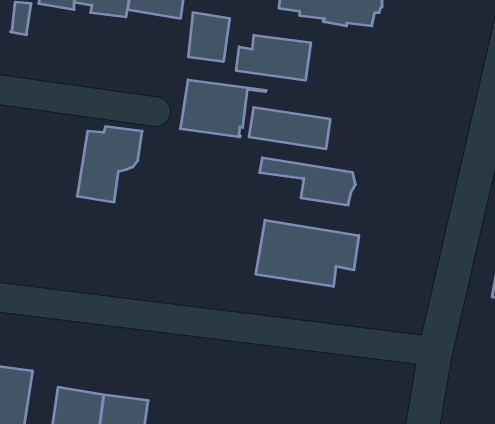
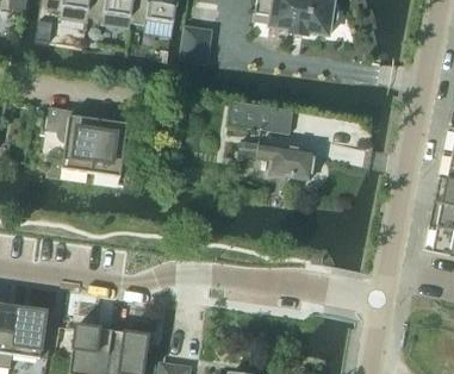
building: [236,35,311,80] -> none
building: [180,80,266,137] -> none
building: none -> [56,107,99,172]
building: [256,220,359,287] -> none

